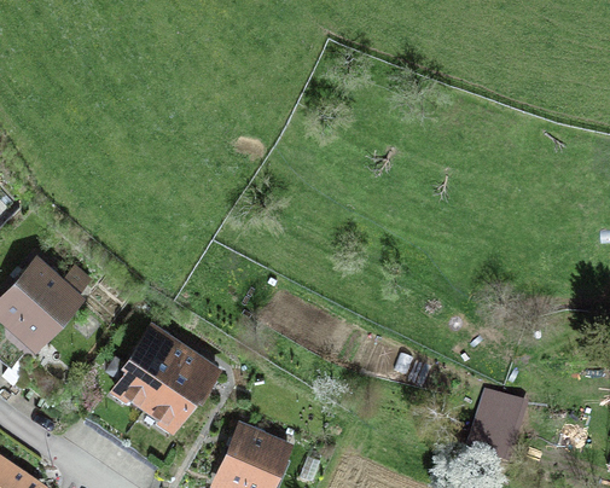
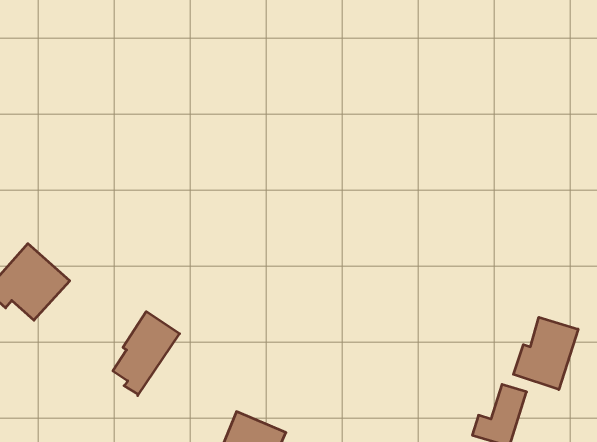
building: none -> [513,317,578,390]
building: [145,349,217,423] -> none

